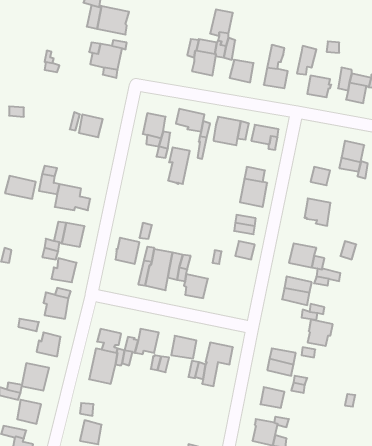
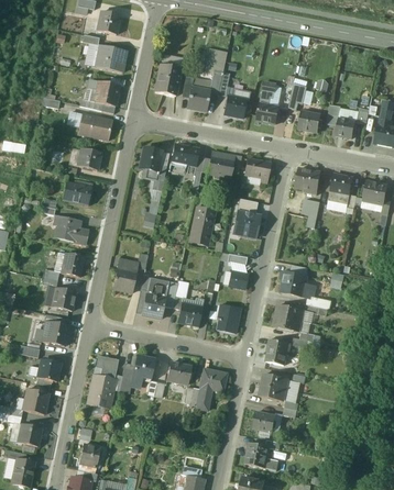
building: none -> [155,64,180,96]
building: none -> [78,113,112,140]
building: [168,147,190,184] -> [194,207,215,242]
building: [5,176,36,199] -> [62,182,91,204]
building: [304,198,331,226] -> [295,168,320,194]
building: none -> [217,303,240,333]
building: [308,320,333,346] -> [266,338,291,364]

